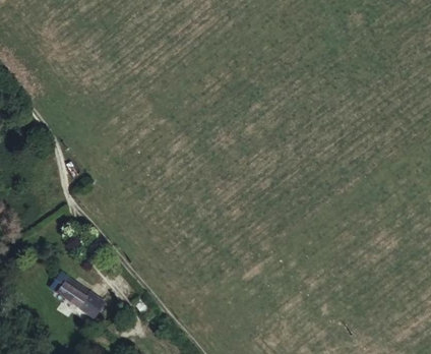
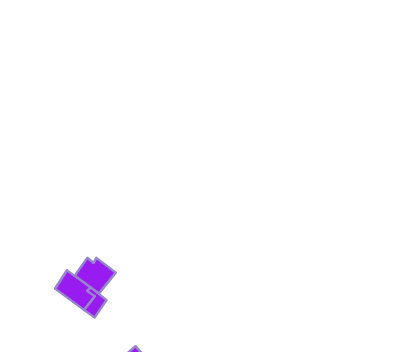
building: none -> [75,258,116,294]

